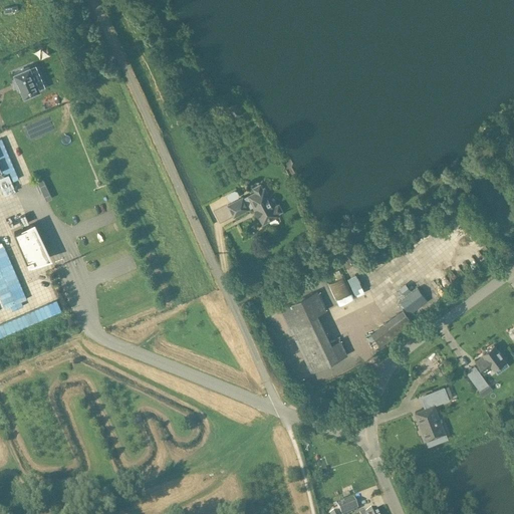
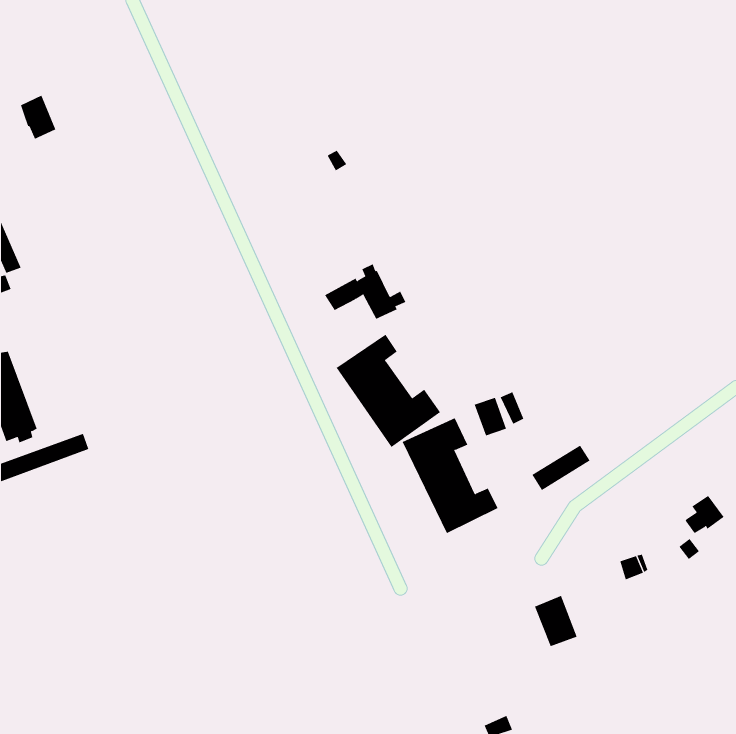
building: [20,226,46,266] -> none
building: none -> [336,334,441,448]
building: [400,288,428,316] -> none
building: [415,406,445,442] -> [534,595,577,647]

